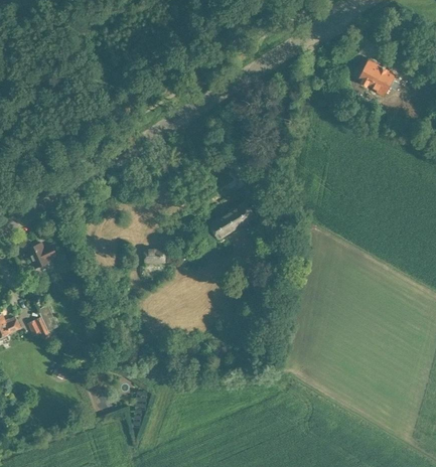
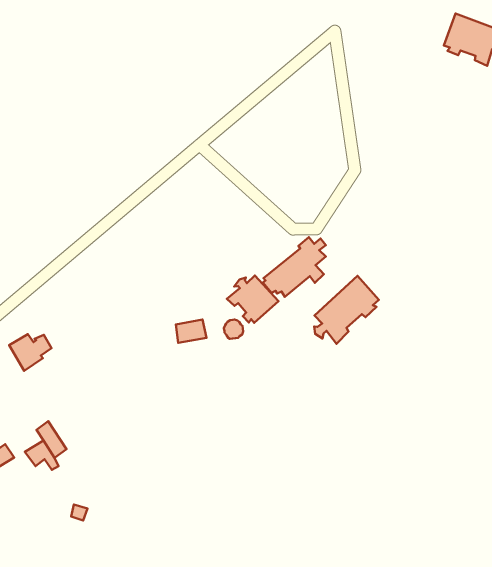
building: none -> [227,275,278,323]
building: none -> [314,276,379,344]

